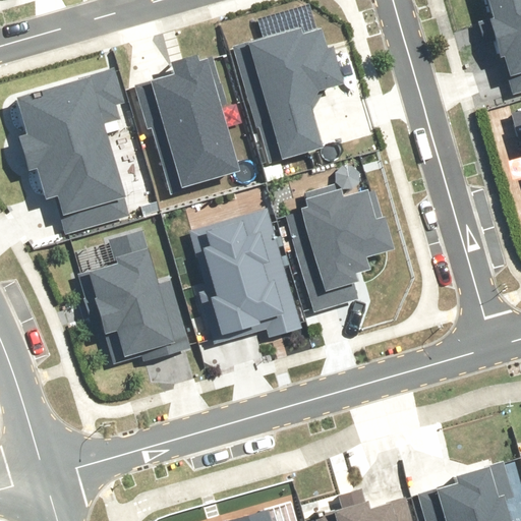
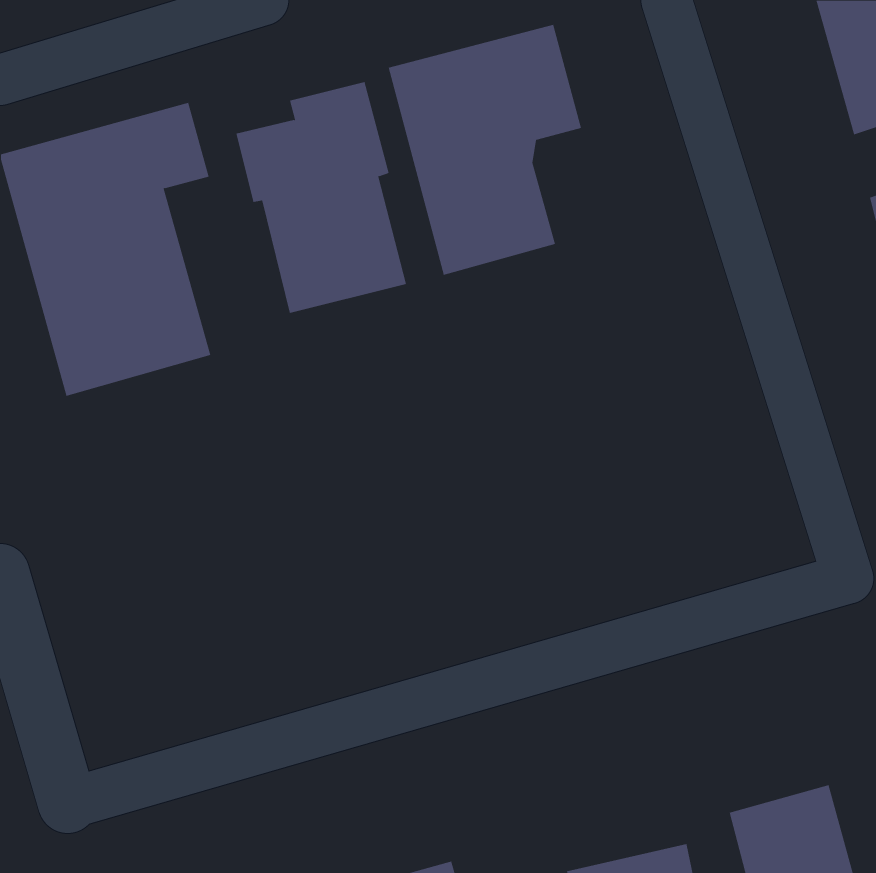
building: [280,176,396,311] -> none
building: [200,198,300,333] -> none
building: [86,229,185,363] -> none

